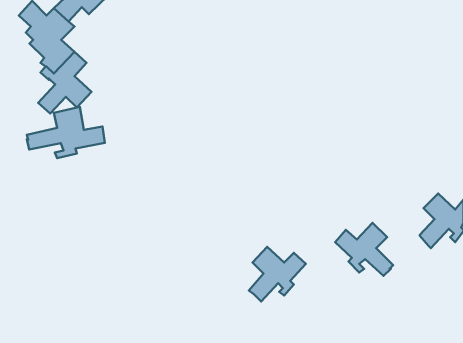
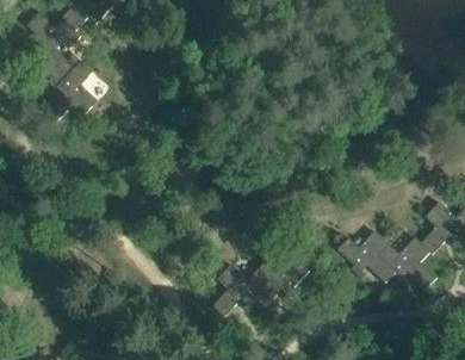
building: [27,107,105,158] -> none
building: none -> [377,236,435,287]
building: none -> [211,262,266,316]

